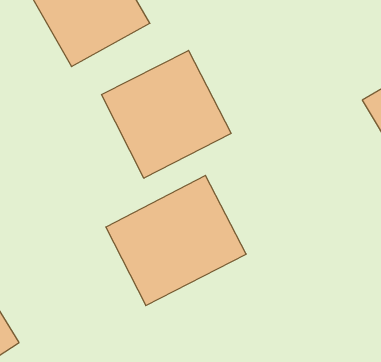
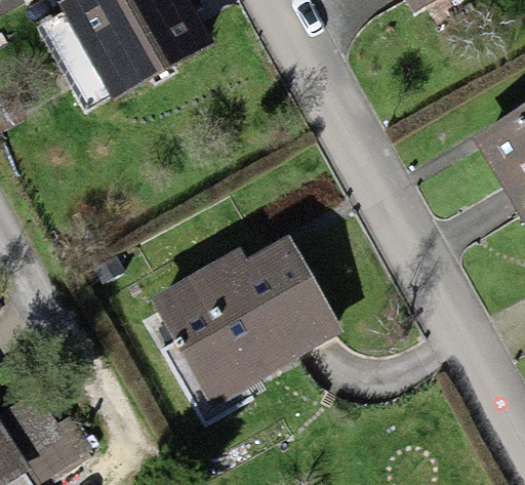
building: [102,50,231,178] -> none

